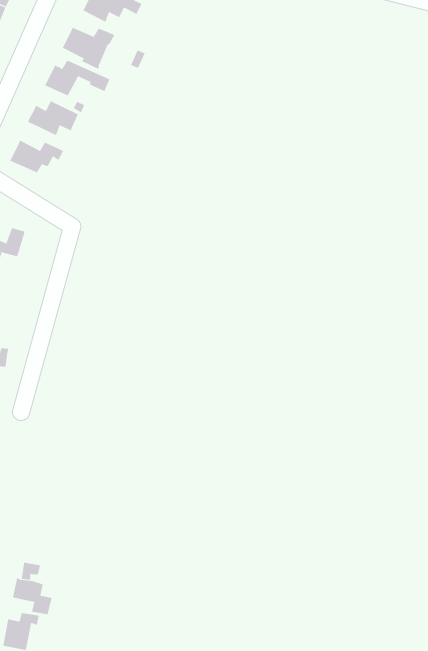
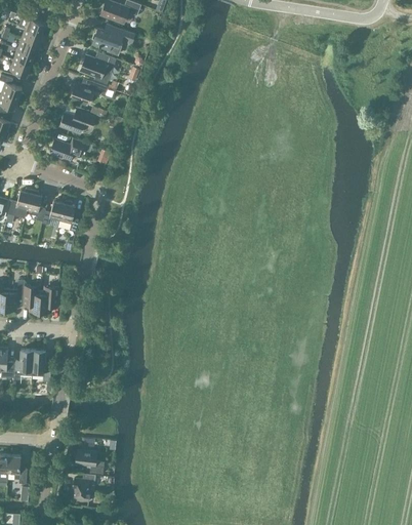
building: none -> [57,200,78,232]

